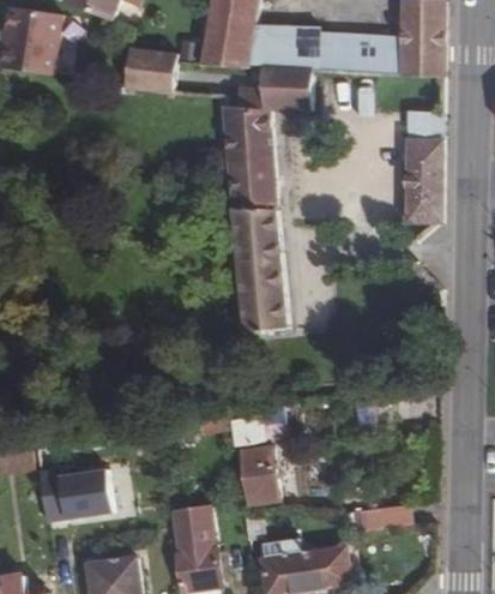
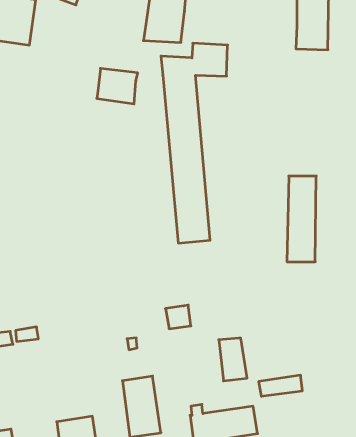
building: [249,26,402,76] -> none
building: [125,47,179,94] -> [97,68,138,104]
building: [403,110,441,223] -> [287,176,316,262]
building: [242,446,279,503] -> [219,338,247,381]
building: [40,469,111,522] -> none

